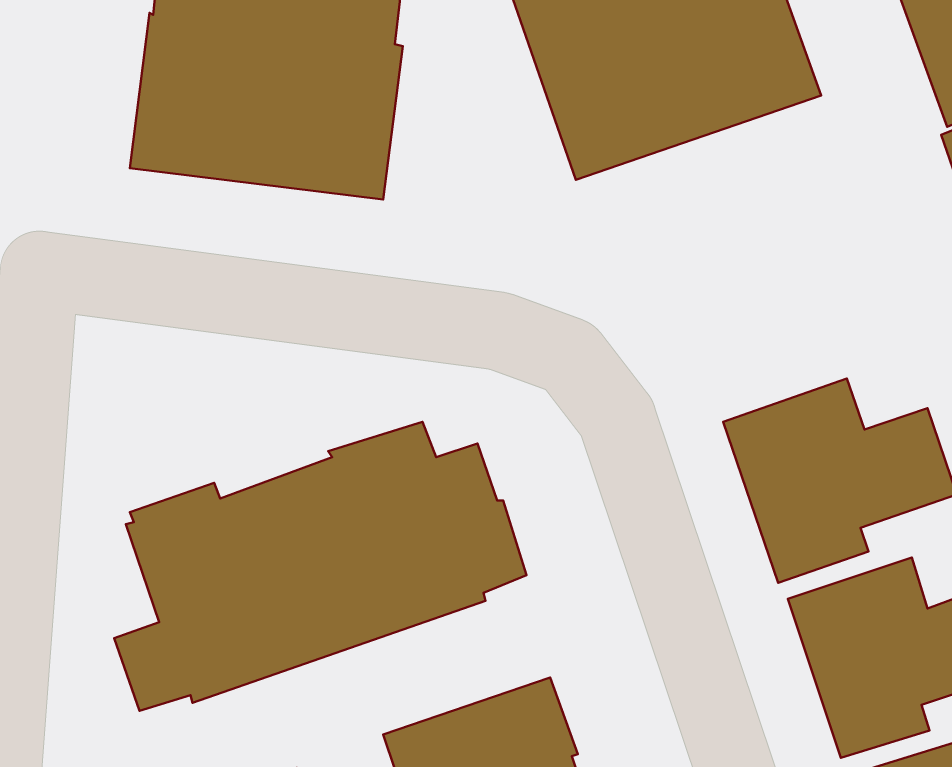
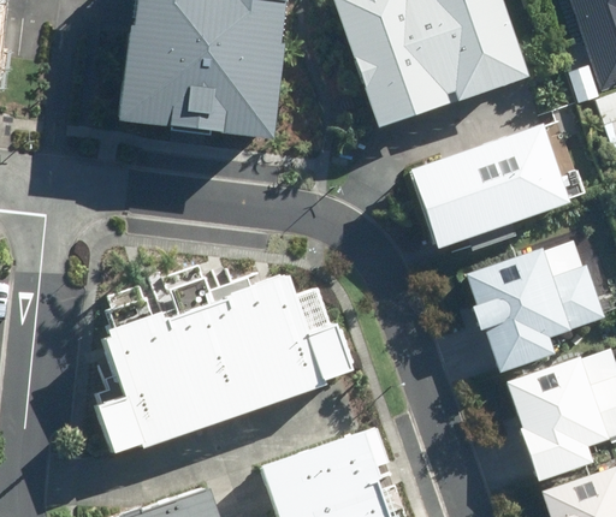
building: none -> [409,123,571,248]

